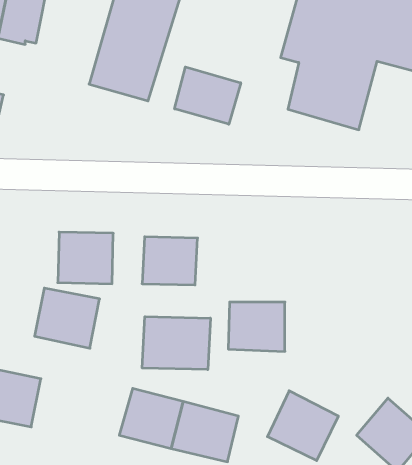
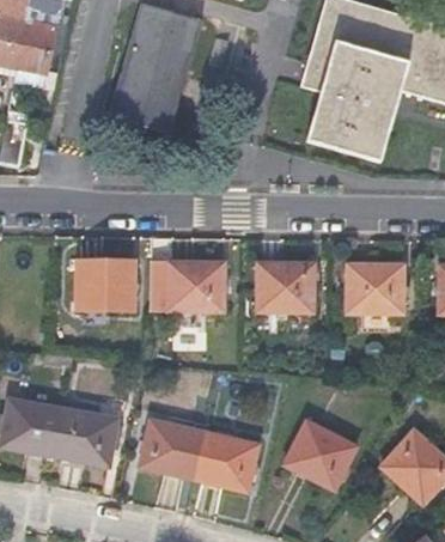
building: [175,67,241,124] -> none
building: none -> [346,267,402,316]
building: [35,288,100,348] -> [53,407,117,467]
building: [228,302,285,351] -> [257,267,313,316]
building: [142,317,210,370] -> none

